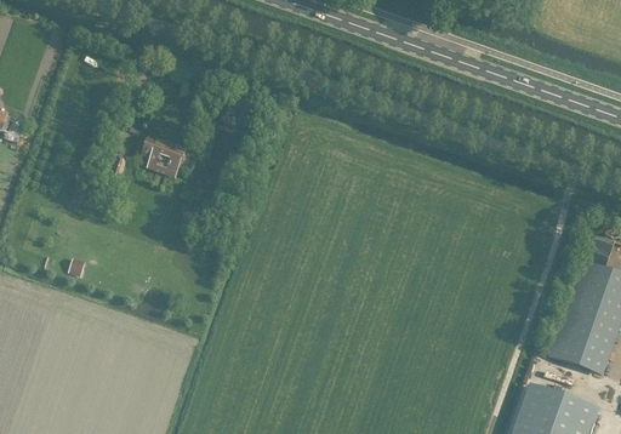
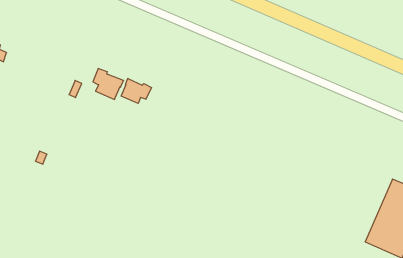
building: none -> [121,78,151,103]

